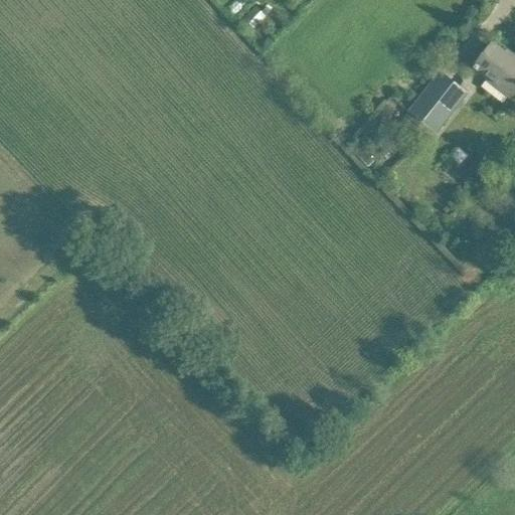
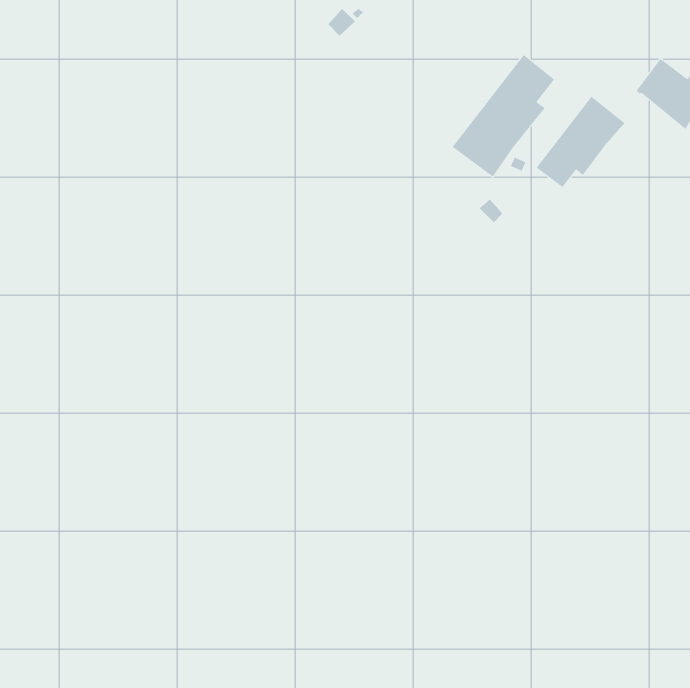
building: none -> [452,54,555,177]

